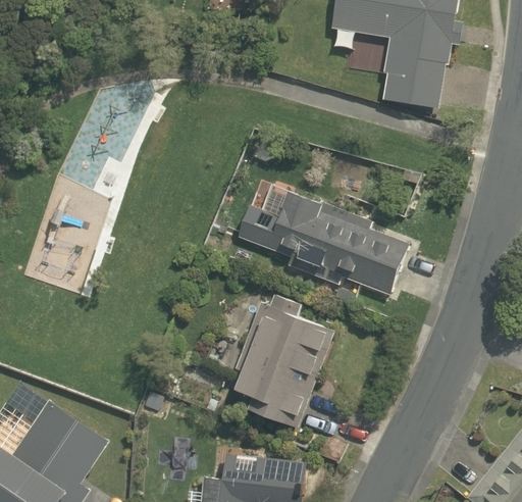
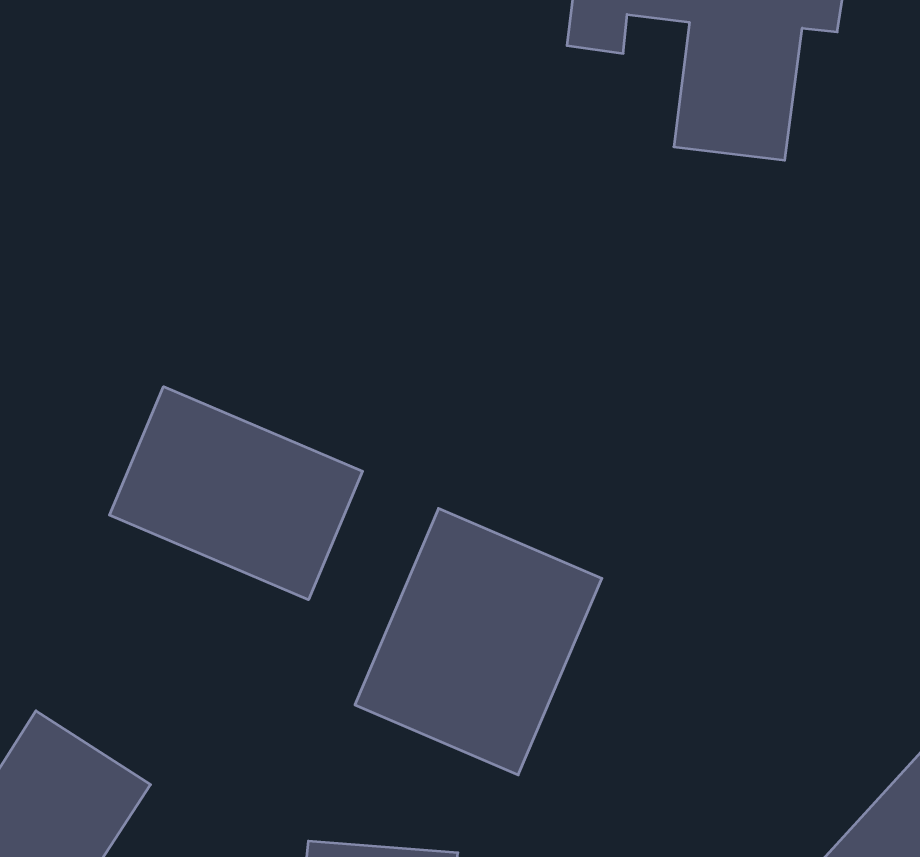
building: [233,186,420,302] -> none
building: none -> [109,387,363,600]

